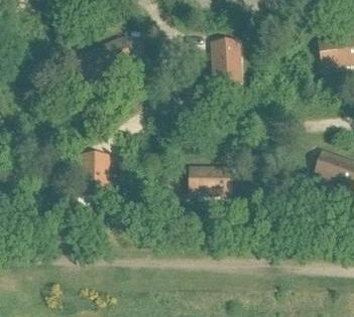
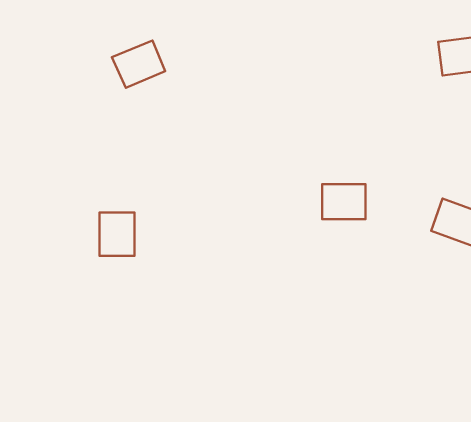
building: [213,40,239,73] -> none
building: [199,166,230,191] -> [322,184,366,219]

